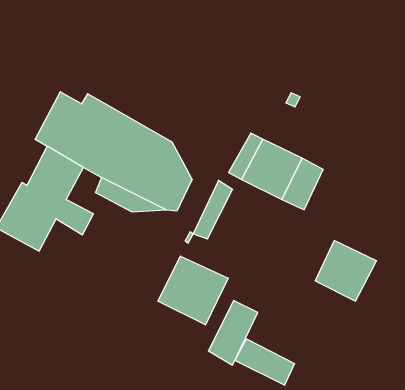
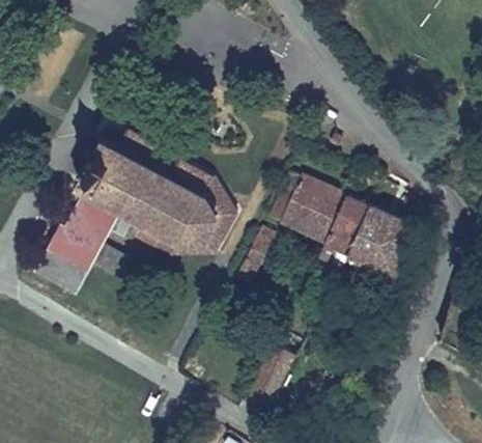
building: [315,241,377,301] -> [347,212,410,274]
building: [158,256,228,325] -> none
building: [235,339,295,385] -> none

